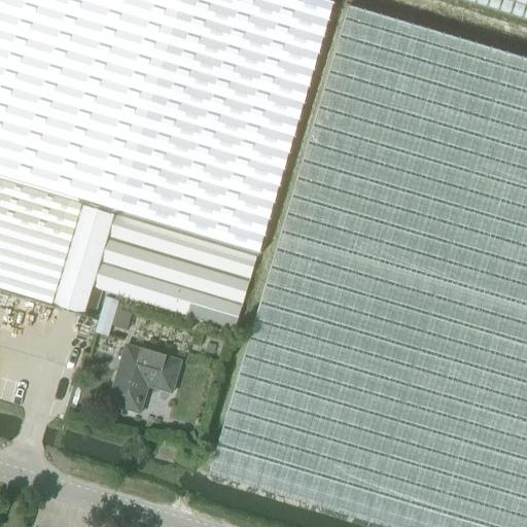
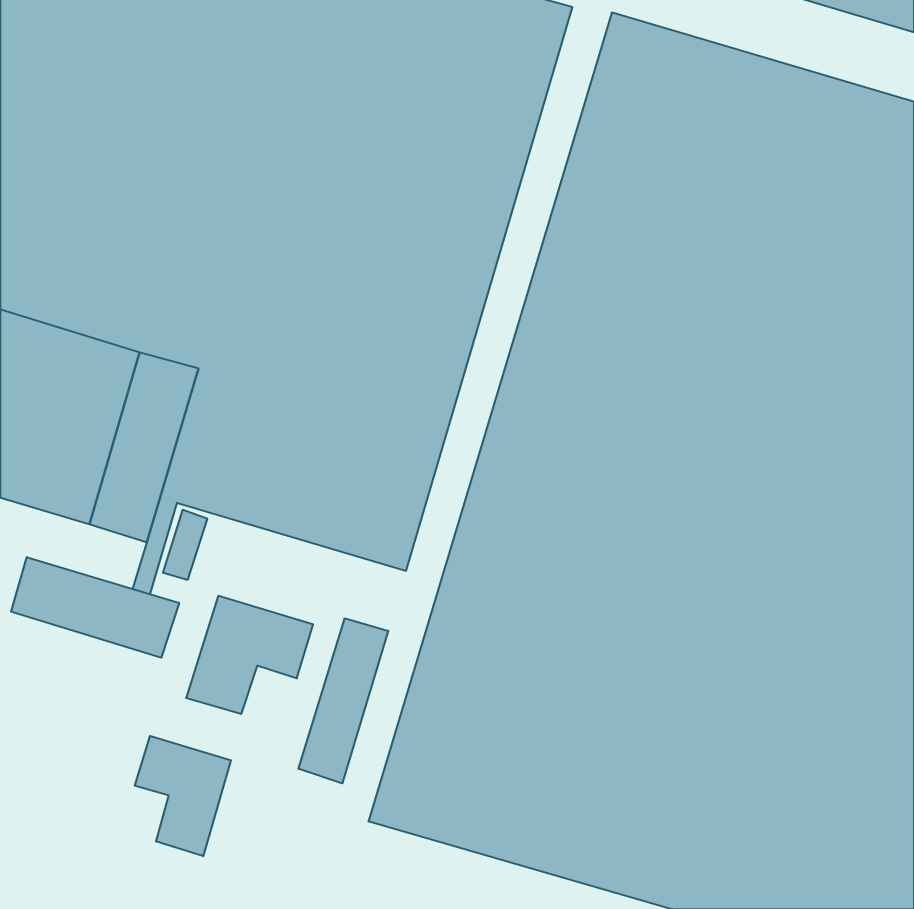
building: none -> [11,557,179,658]
building: none -> [299,618,388,783]
building: none -> [135,736,231,856]

